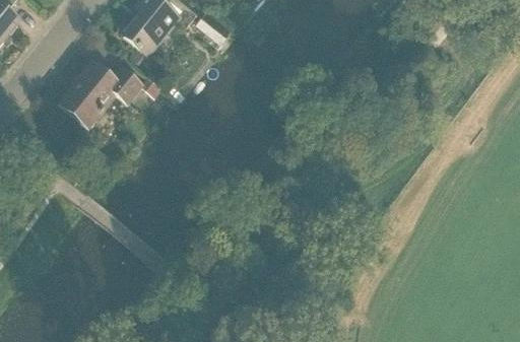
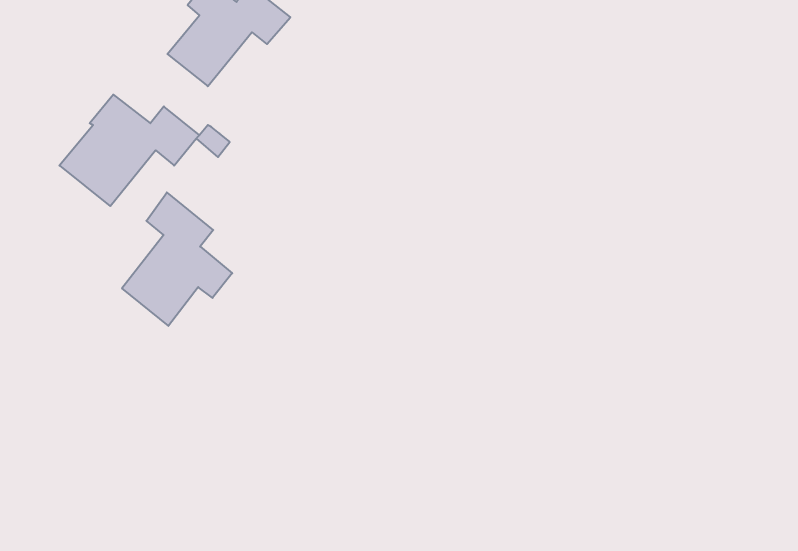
building: none -> [122,192,232,326]

